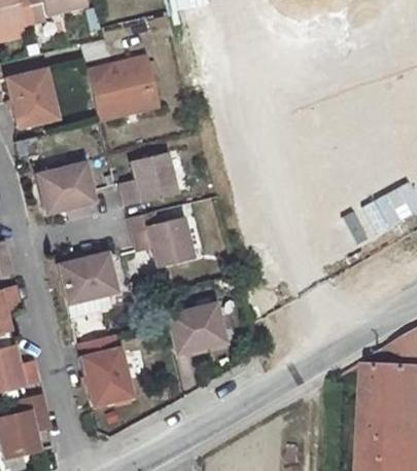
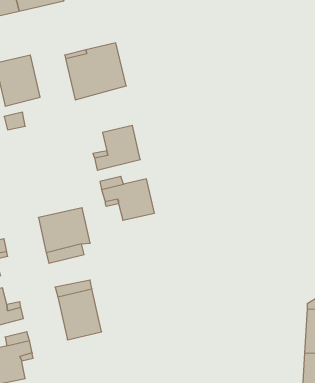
building: [36,161,96,214] -> none
building: [165,299,224,353] -> none

